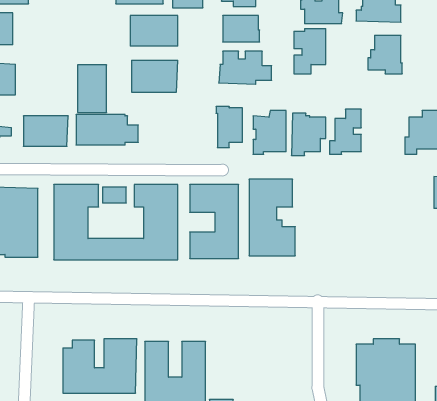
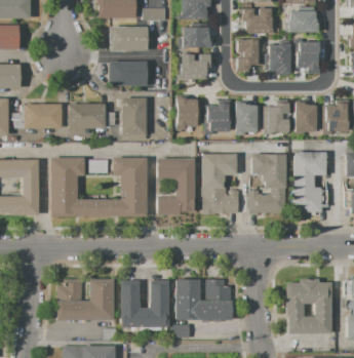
building: none -> [269,43,290,75]
building: [78,65,107,112] -> [122,98,145,135]
building: none -> [296,103,321,135]
building: none -> [293,153,326,211]
building: none -> [249,154,286,214]
building: none -> [176,279,232,319]

